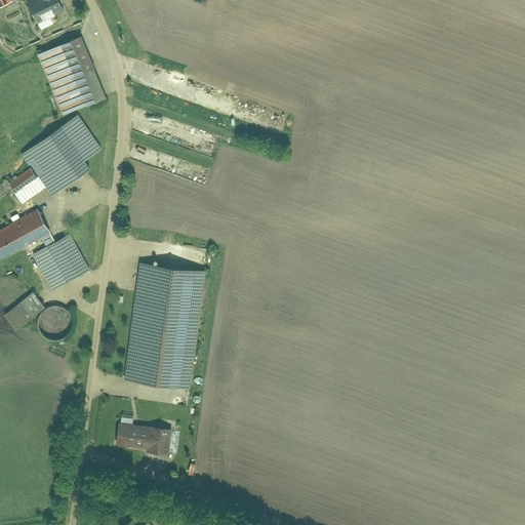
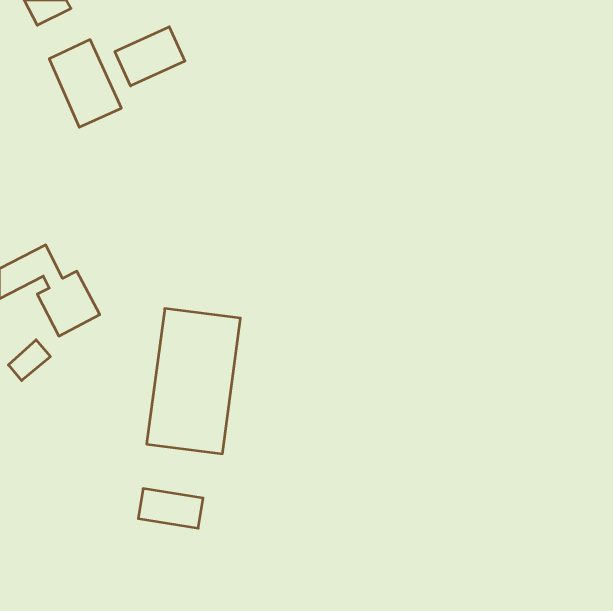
building: none -> [115,27,185,86]
building: [5,114,99,199] -> none
building: [38,304,72,337] -> none

